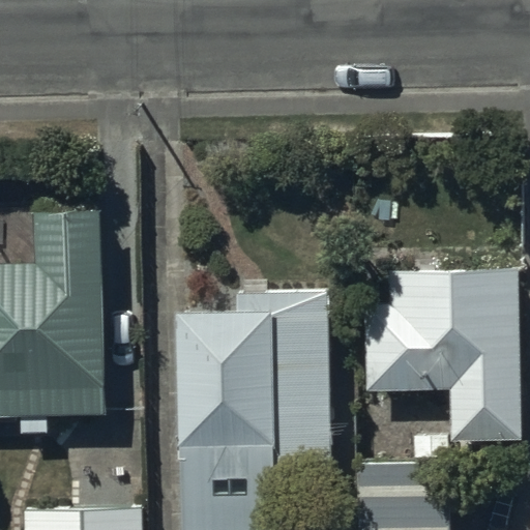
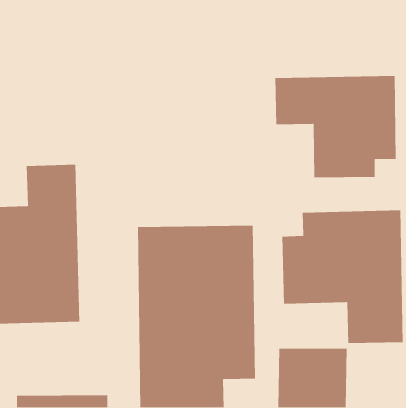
building: none -> [275,75,397,178]

